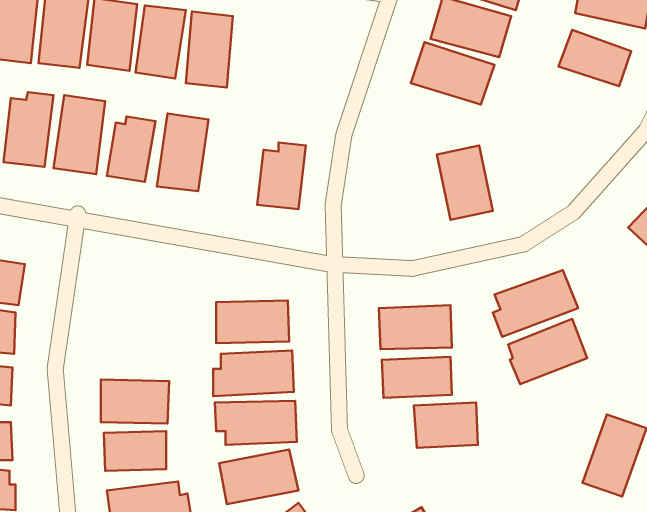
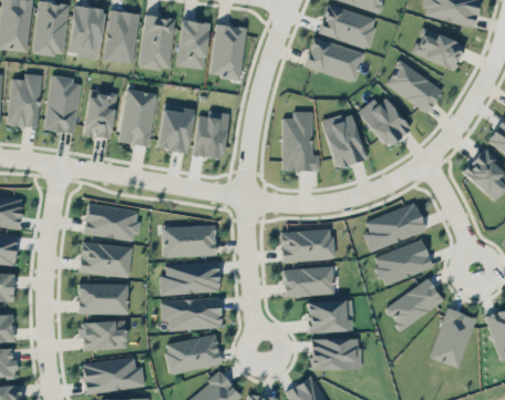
building: none -> [177,20,209,69]
building: none -> [210,23,247,79]
building: none -> [385,60,443,113]
building: none -> [359,98,411,147]
building: none -> [156,102,195,153]
building: none -> [282,112,319,171]
building: none -> [84,203,138,240]
building: none -> [80,242,132,277]
building: none -> [385,278,443,329]
building: none -> [311,338,361,369]

